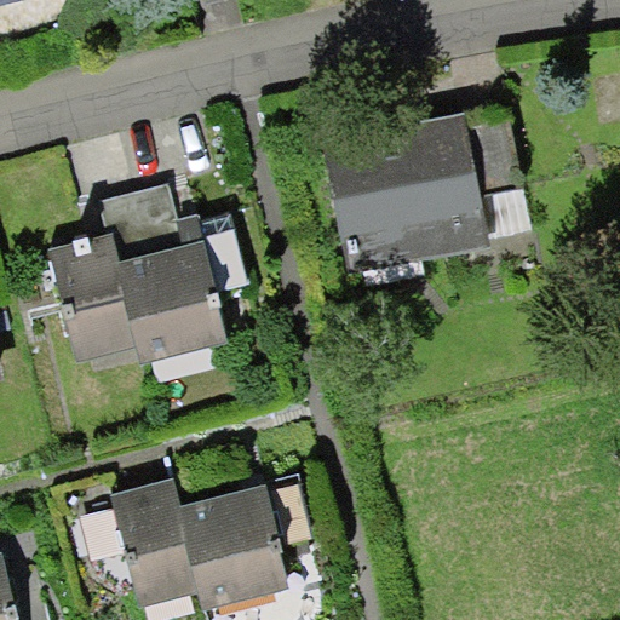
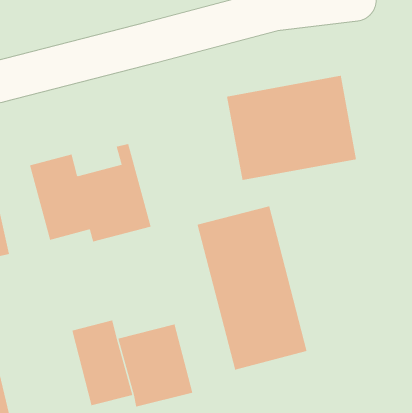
building: [99,182,180,264] -> none
building: none -> [197,205,307,370]

